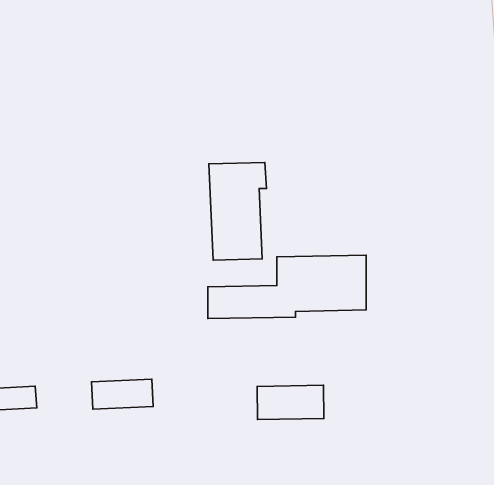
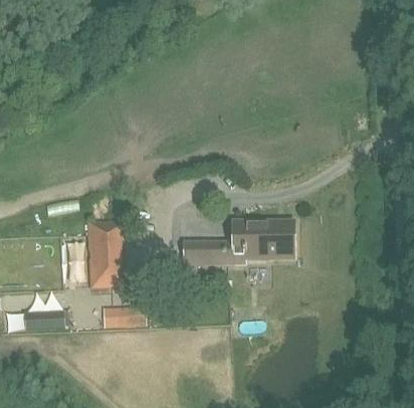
building: [209,162,266,260] -> [85,218,126,286]
building: [257,385,324,420] -> none

